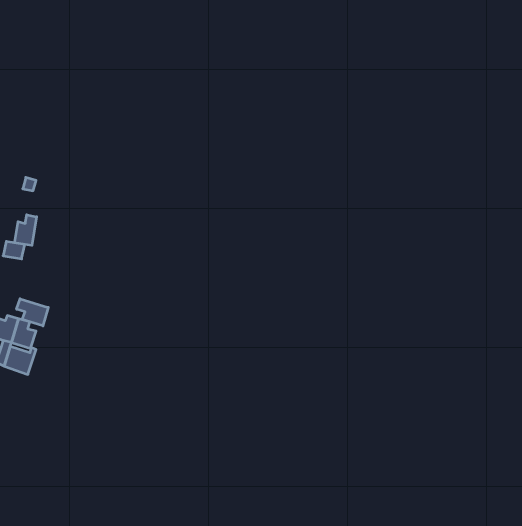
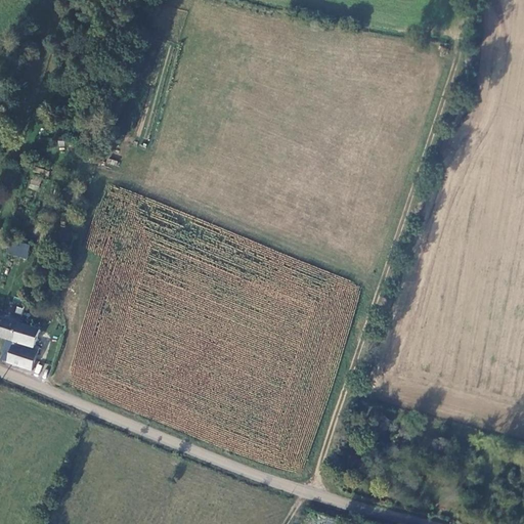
building: [14,215,37,245] -> none
building: [17,299,48,326] -> none

